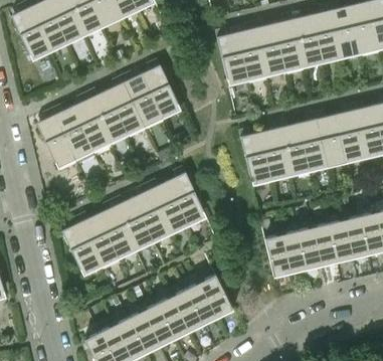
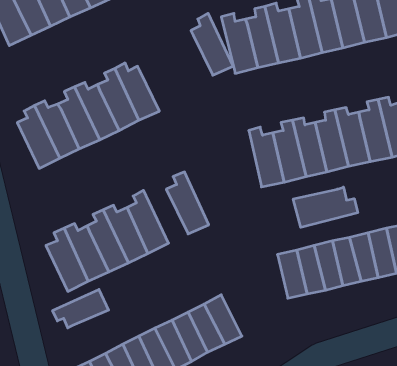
building: [142,63,179,118] -> [191,13,233,75]
building: [147,183,186,233] -> none
building: none -> [293,187,358,227]
building: none -> [53,289,109,328]

